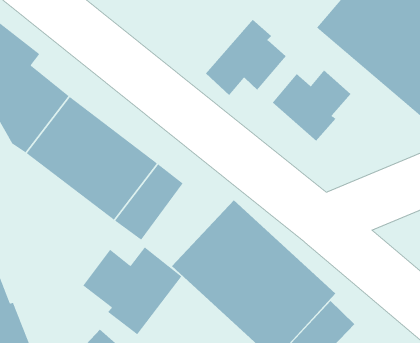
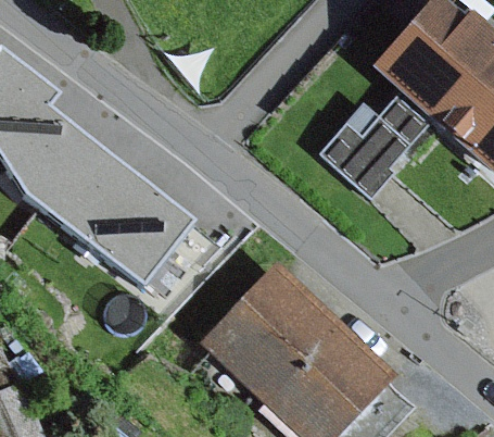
building: [205,19,287,96] -> none
building: [83,246,182,335] -> none

